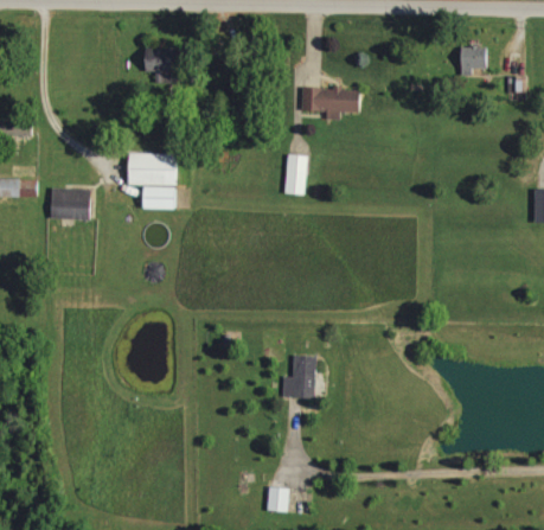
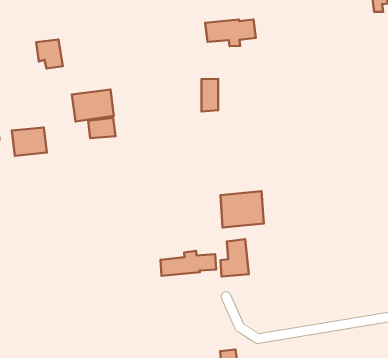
building: [146,49,174,82] -> [36,39,63,68]
building: none -> [220,191,264,228]
building: none -> [160,251,216,276]

